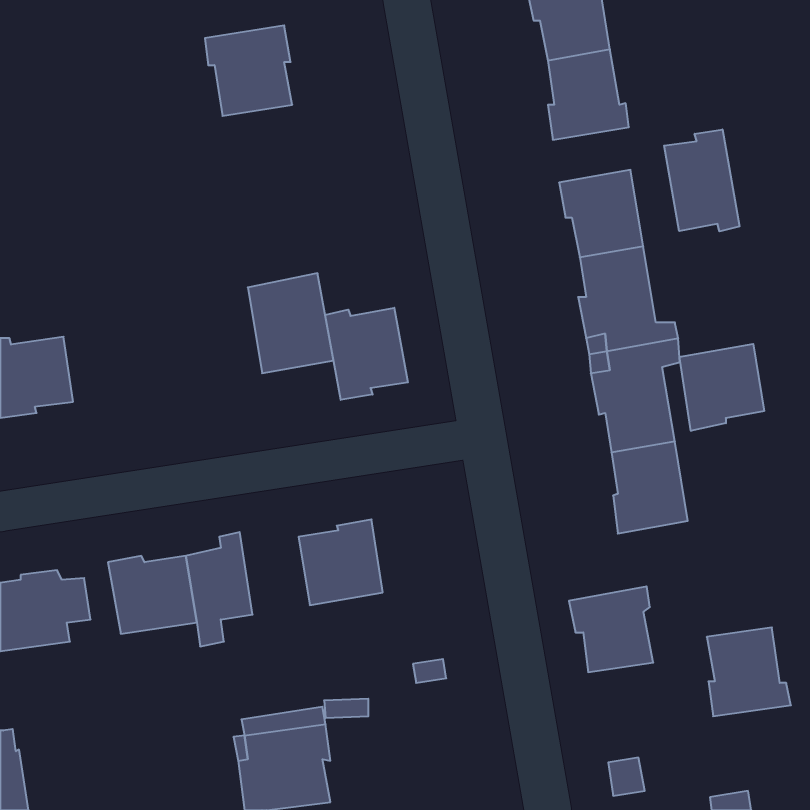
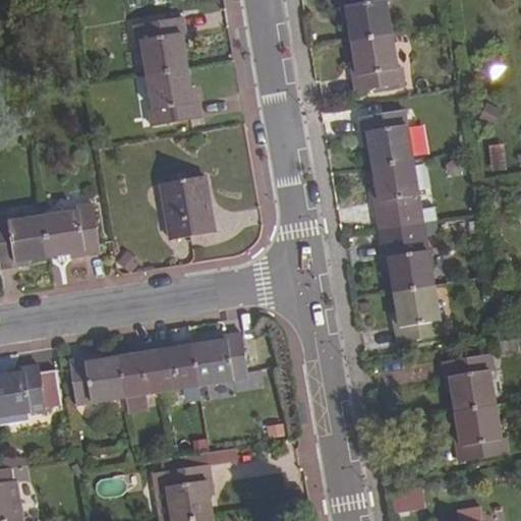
building: none -> [144,67,199,125]
building: [664,129,740,231] -> none
building: [325,308,408,400] -> none
building: none -> [42,202,100,257]
building: [679,344,764,431] -> none
building: none -> [155,339,199,394]
building: [569,586,653,672] -> [442,353,496,408]

